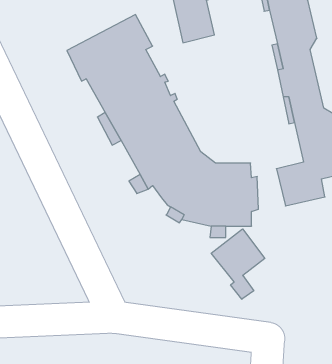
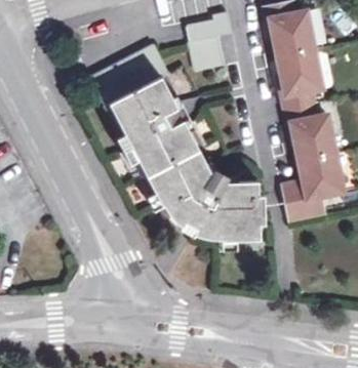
building: [211,229,265,299] -> none

